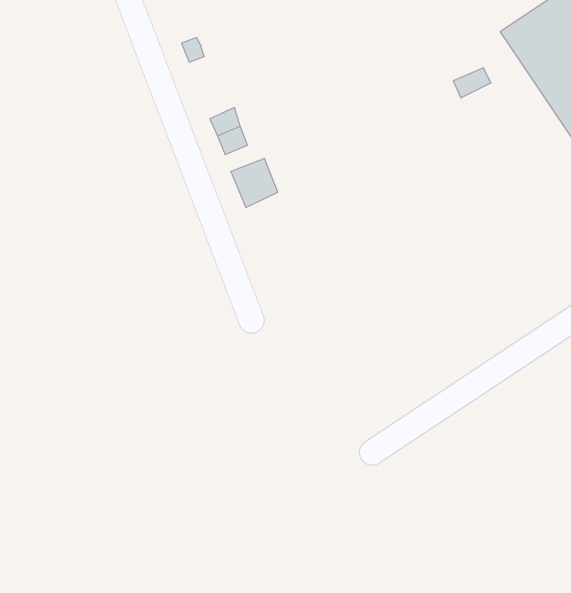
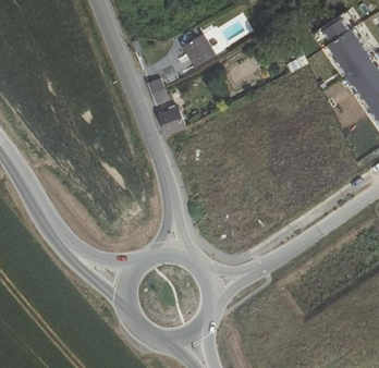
building: none -> [181,32,212,64]

